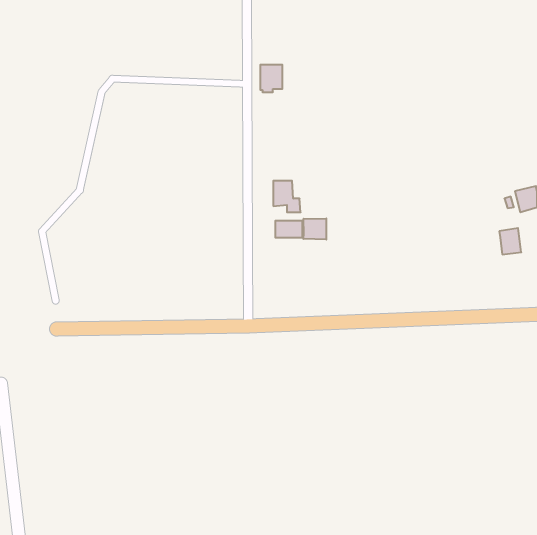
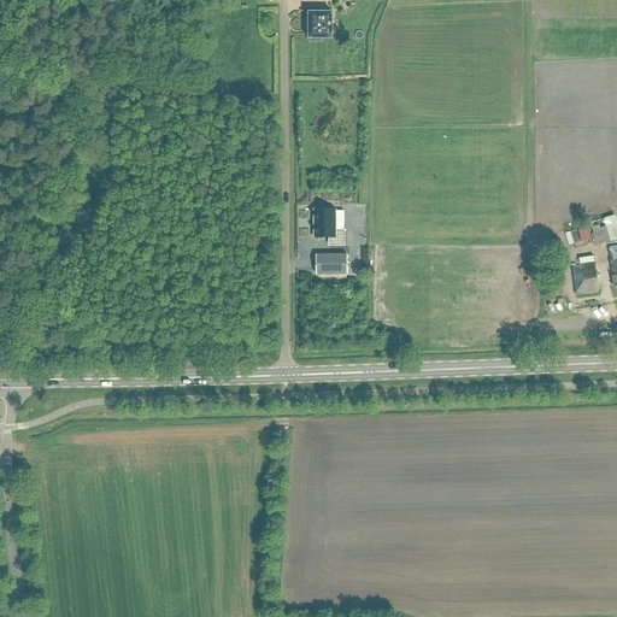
building: [260,65,282,92] -> [307,8,333,40]
building: [303,218,326,240] -> none

